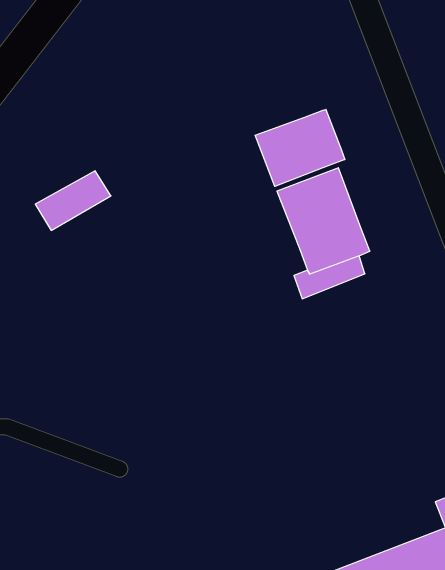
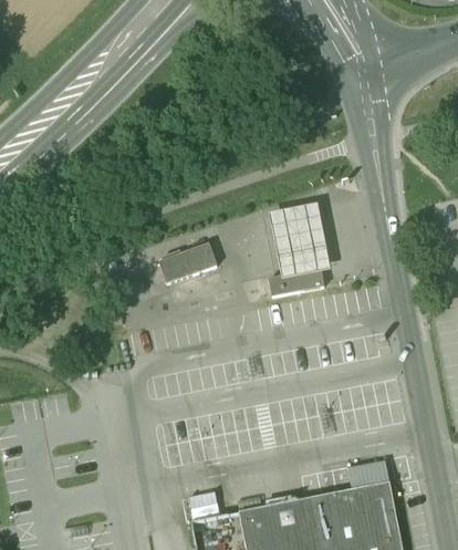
building: [255,109,345,186] -> none
building: [35,171,111,230] -> [158,245,217,284]

